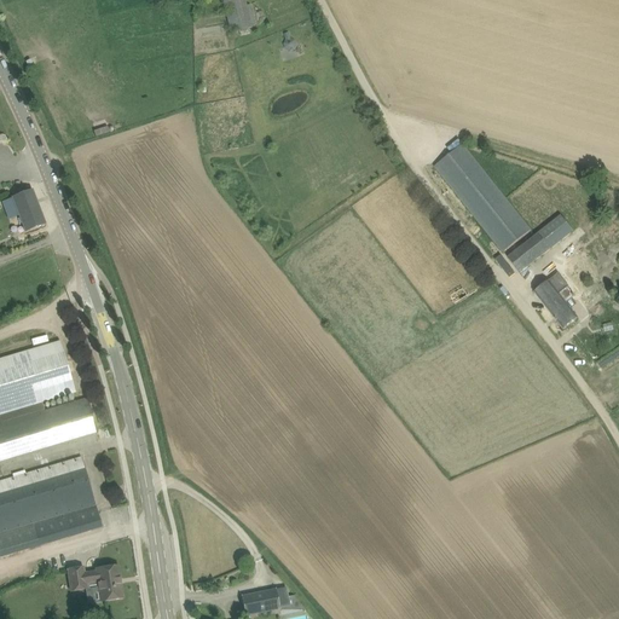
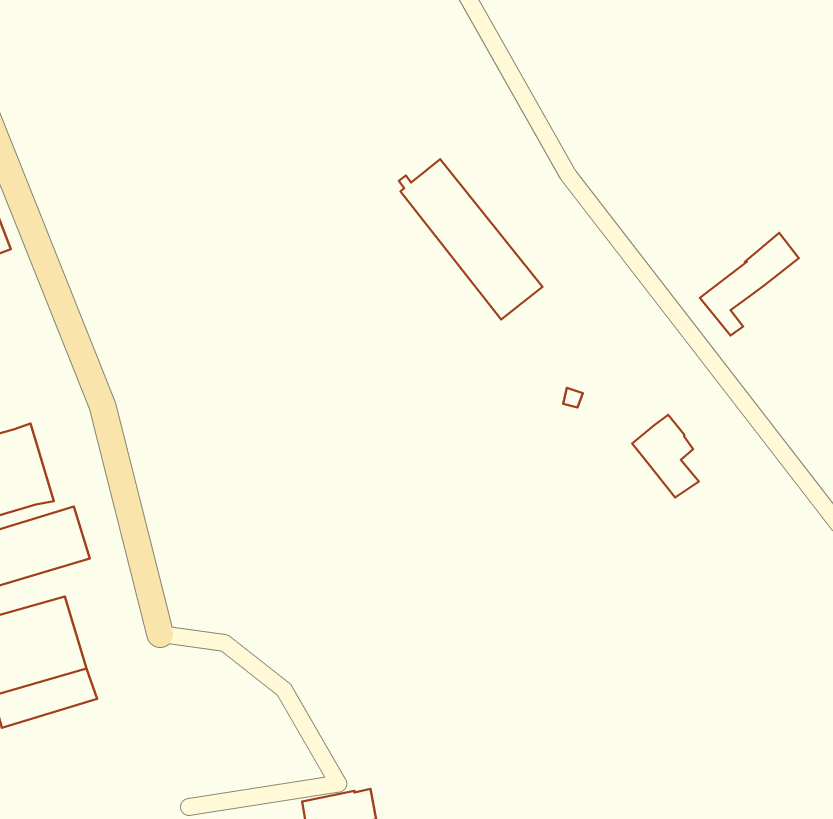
building: [433,144,530,251] -> [399,159,543,319]
building: [533,272,578,328] -> [632,415,699,498]
building: [66,565,122,601] -> none

